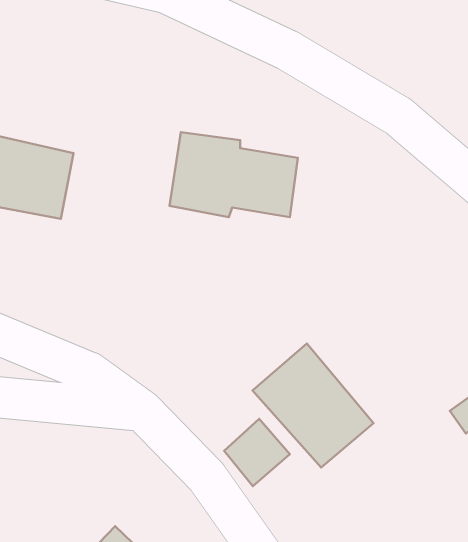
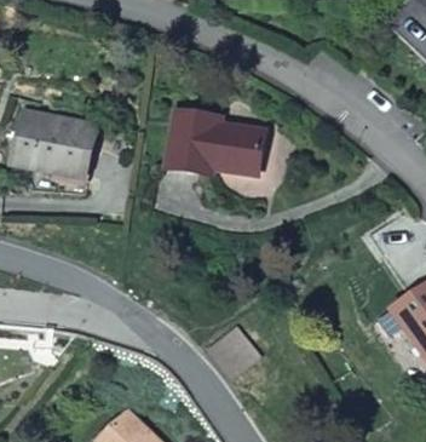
building: [253,343,373,467] -> none

